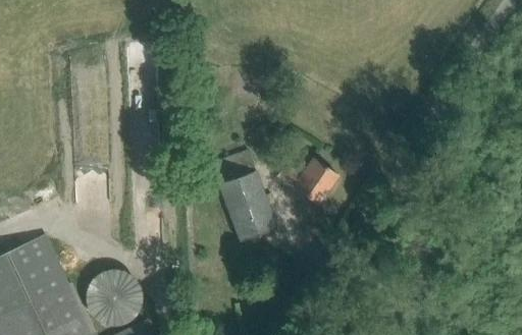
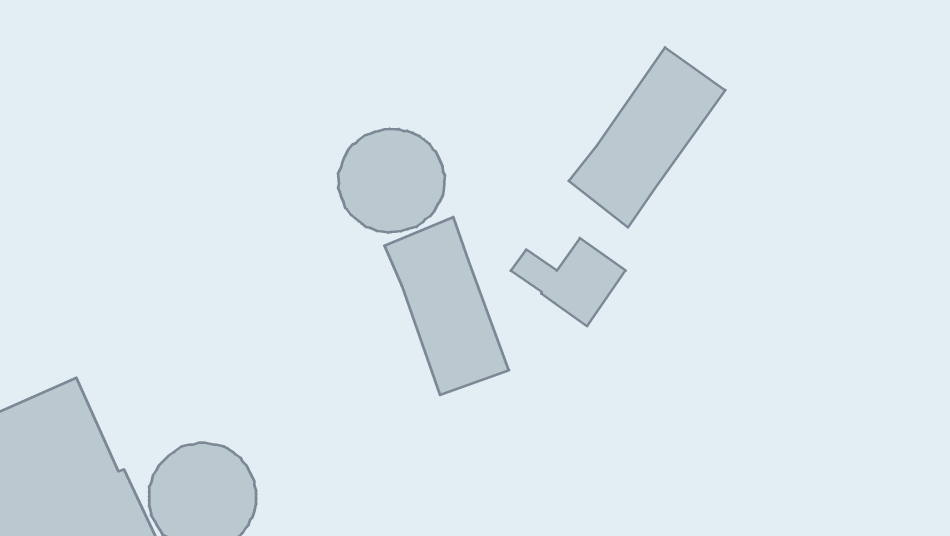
building: none -> [569,47,725,227]
building: none -> [338,129,445,233]

